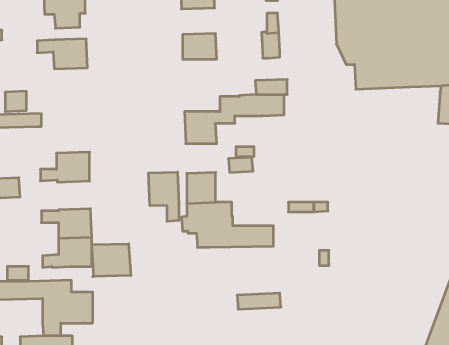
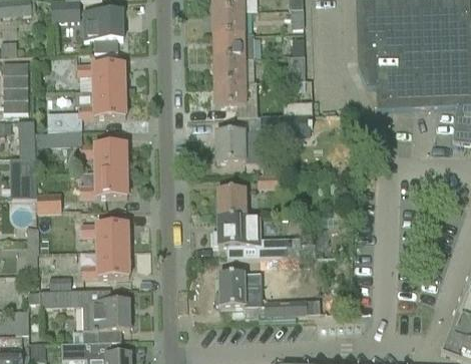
building: none -> [212,33,254,58]
building: none -> [213,80,253,106]
building: none -> [78,89,125,117]
building: none -> [79,142,126,169]
building: [149,172,179,221] -> none
building: [92,244,131,277] -> none
building: none -> [215,273,262,307]

